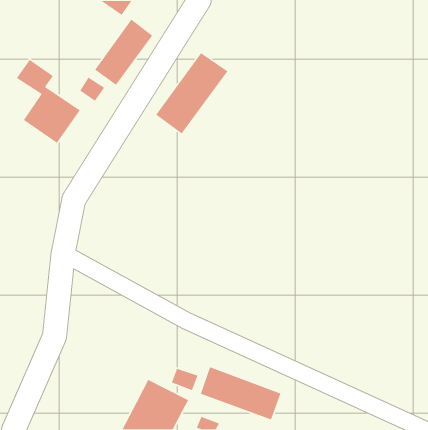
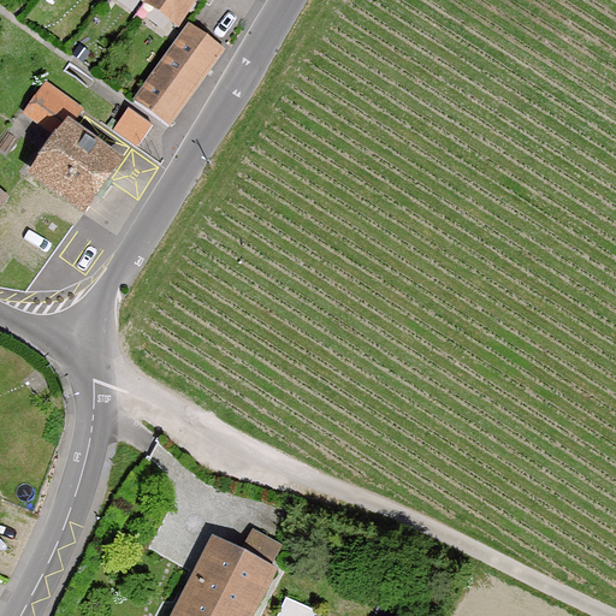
building: [155,52,228,134] -> none
building: [200,366,281,420] -> none

